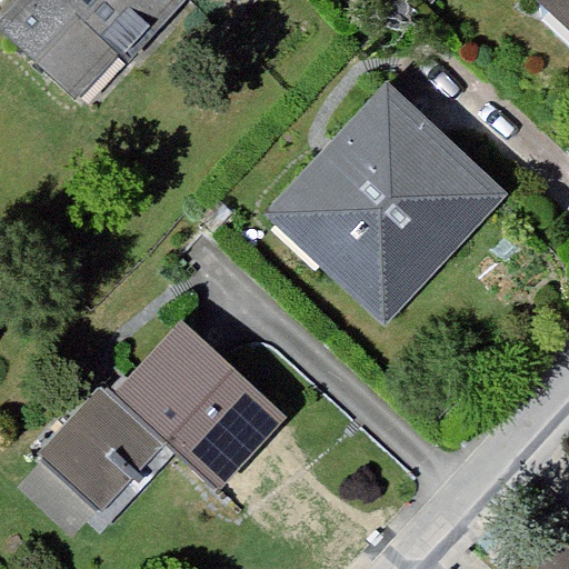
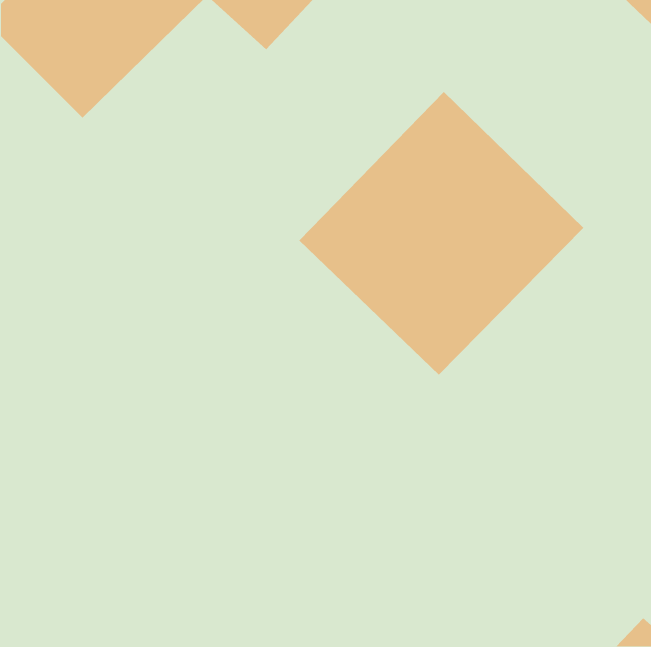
building: [32,330,281,512] -> none

